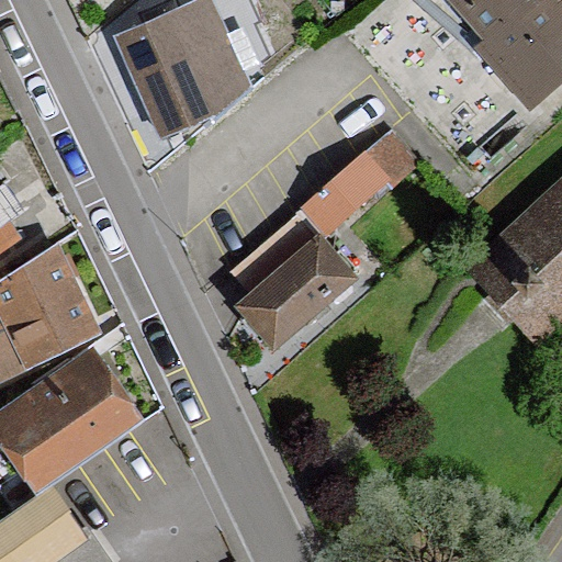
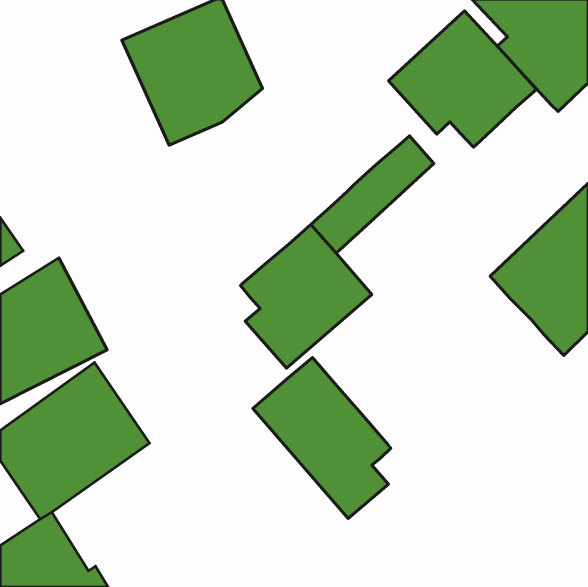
building: none -> [388,11,537,147]
building: none -> [253,357,391,518]

